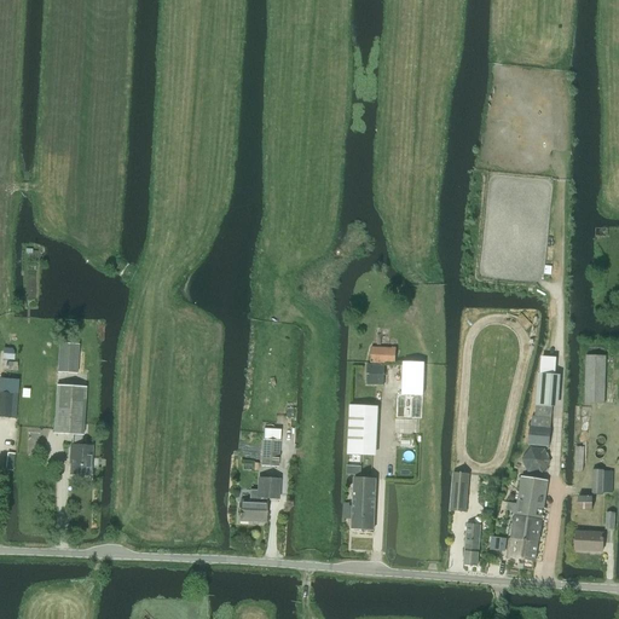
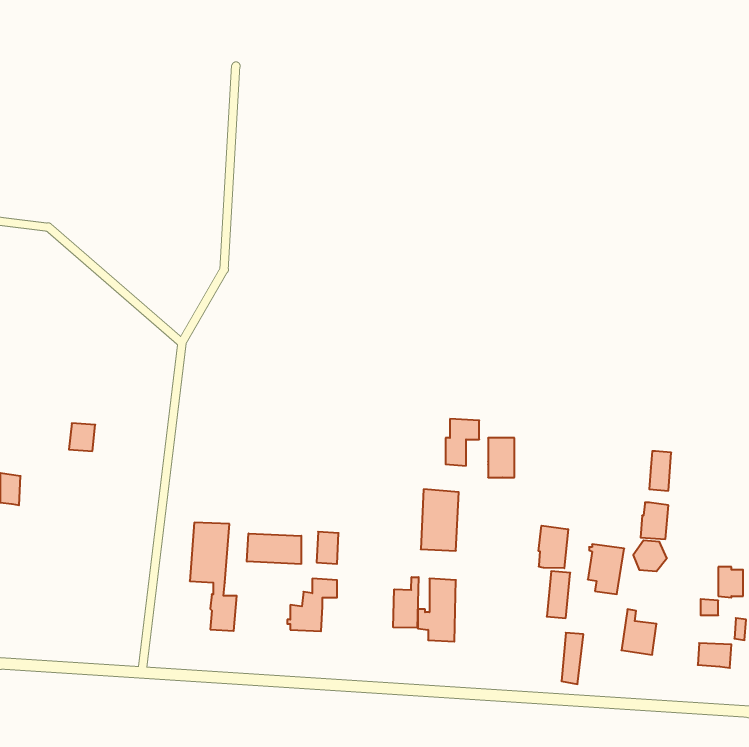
building: [586,354,607,404] -> none
building: [53,384,92,474] -> [190,523,237,631]
building: none -> [539,526,568,568]
building: none -> [247,533,301,564]
building: [517,474,548,515] -> [588,544,624,594]
building: none -> [393,577,419,628]
building: [508,537,538,560] -> none

